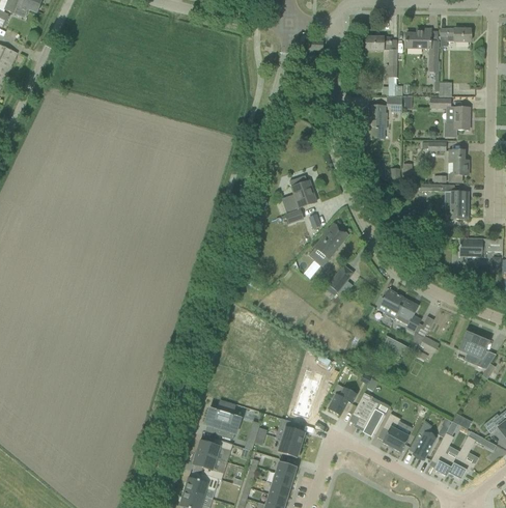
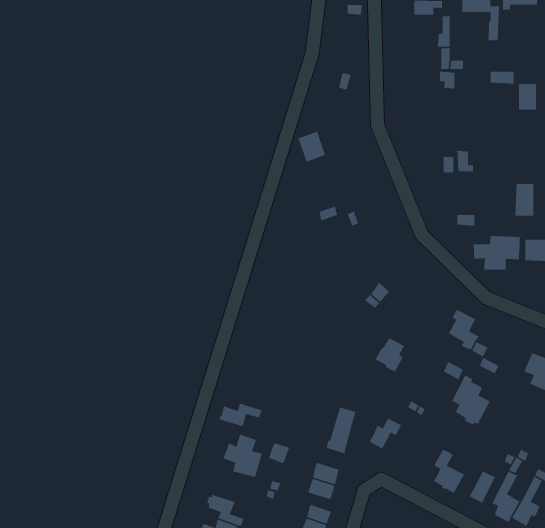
building: [369,105,388,138] -> none
building: [448,149,469,181] -> none
building: [292,180,316,207] -> [298,131,326,163]
building: [309,223,348,266] -> none
building: none -> [473,235,521,271]
building: [376,289,402,319] -> [374,337,405,373]
building: [353,392,386,435] -> [451,374,491,426]
building: [196,438,233,458] -> [219,403,263,427]

